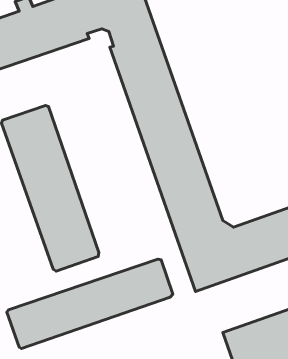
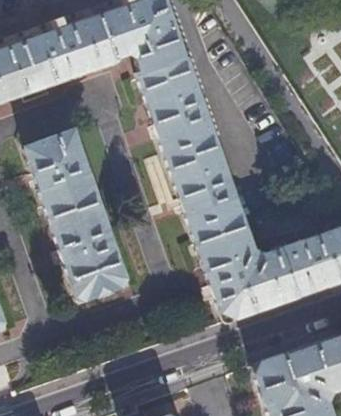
building: [7,259,173,349] -> none

